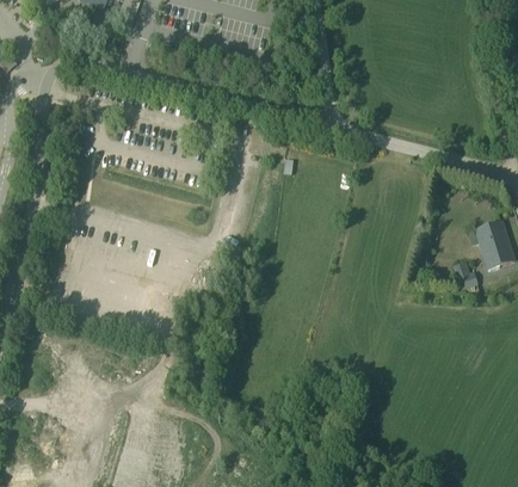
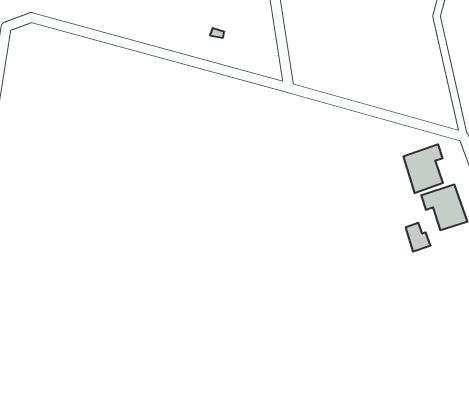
building: none -> [403,144,443,193]

